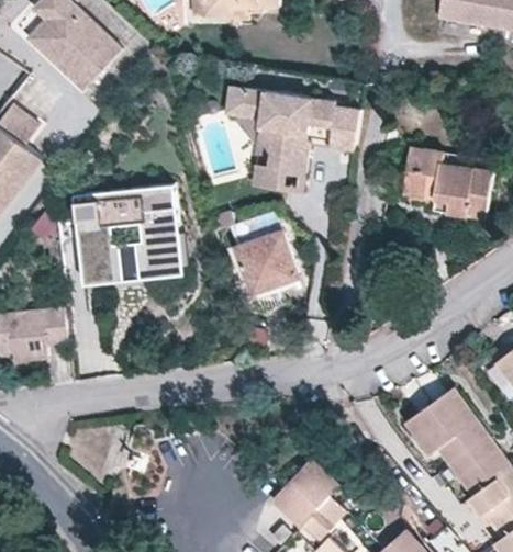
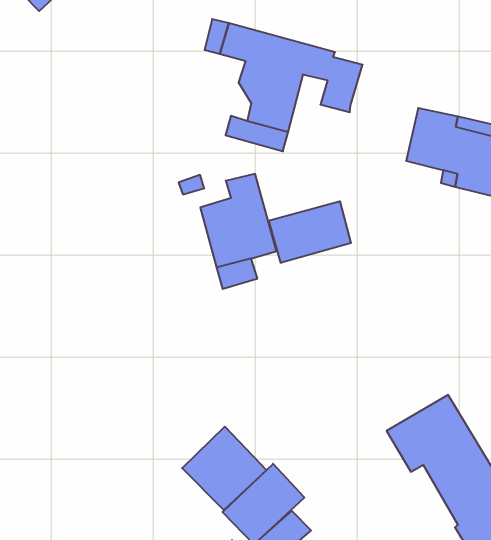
building: [71,174,190,298] -> none
building: none -> [269,201,351,263]
building: none -> [182,427,266,510]

